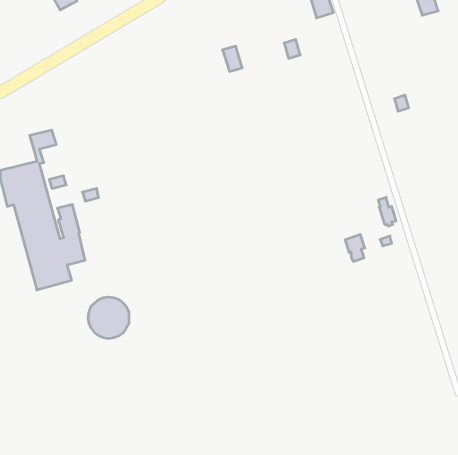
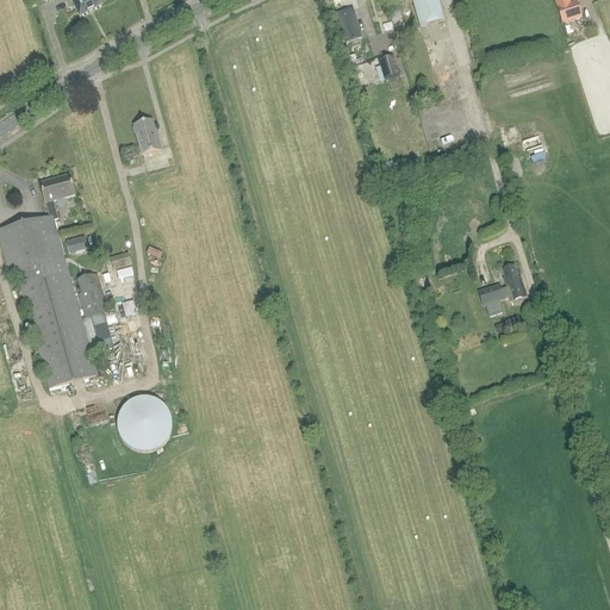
building: [222,46,242,71] -> [336,6,362,39]
building: none -> [133,118,161,151]
building: [345,234,365,261] -> [479,280,505,316]

